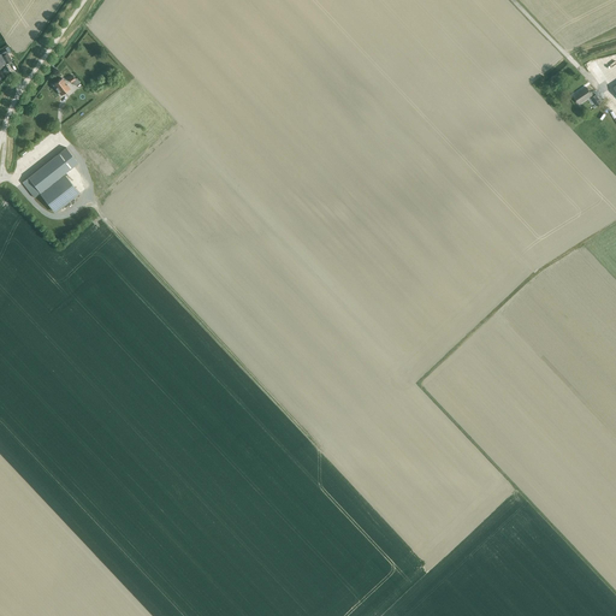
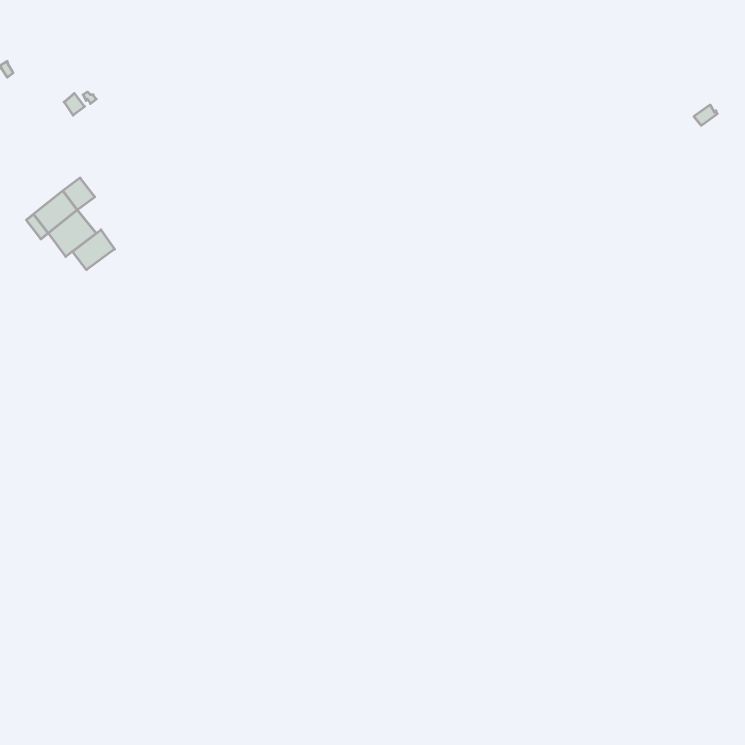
building: none -> [72,230,115,270]

